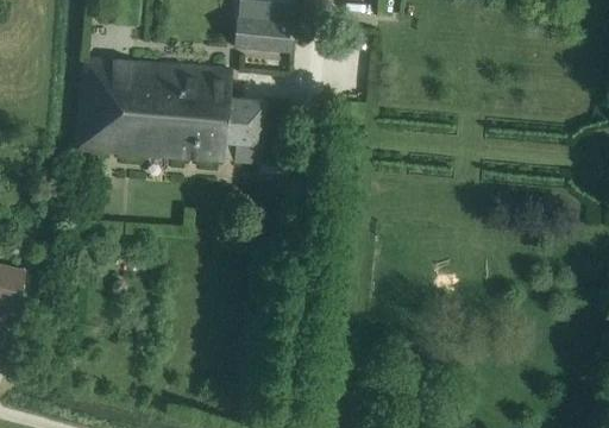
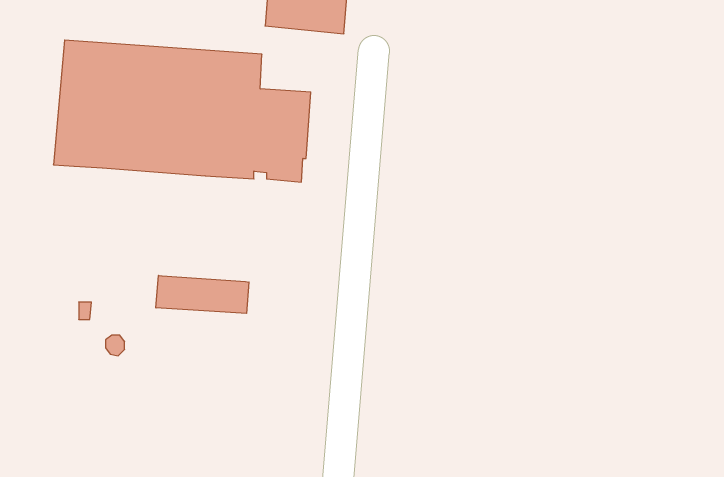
building: none -> [156,275,249,313]

